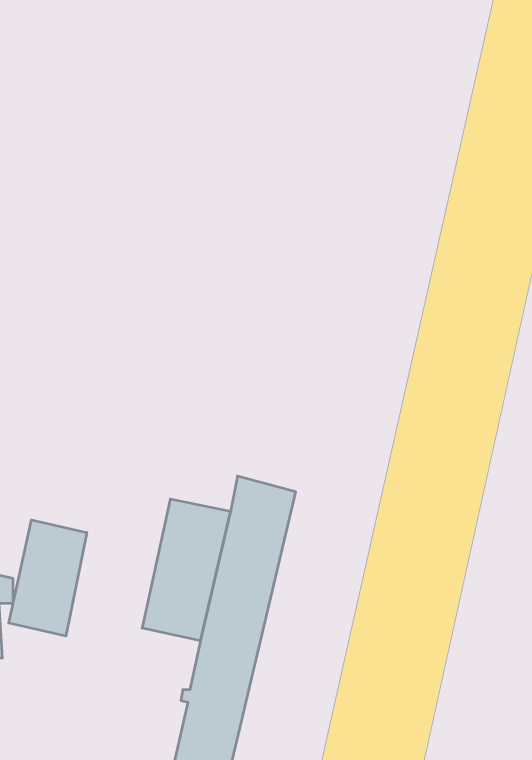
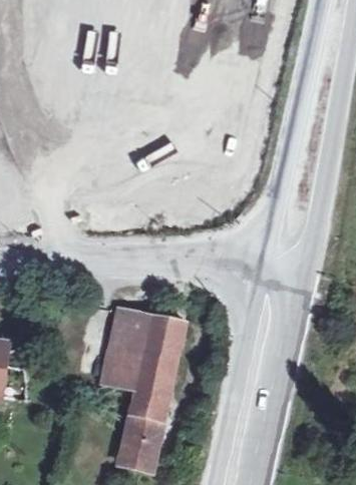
building: [9,520,87,636] -> none

